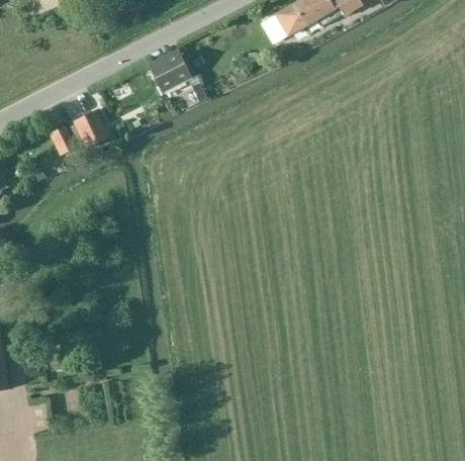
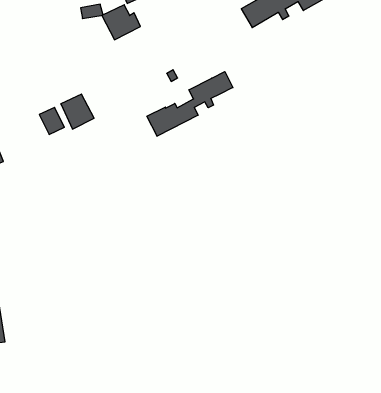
building: [148,52,191,91] -> [102,5,140,40]
building: none -> [147,72,233,136]

